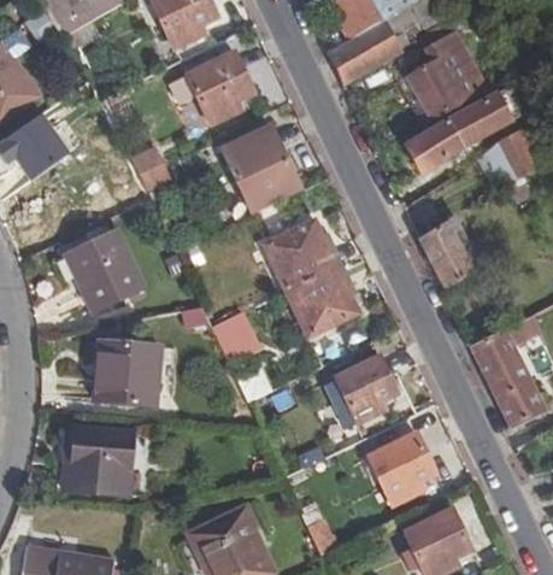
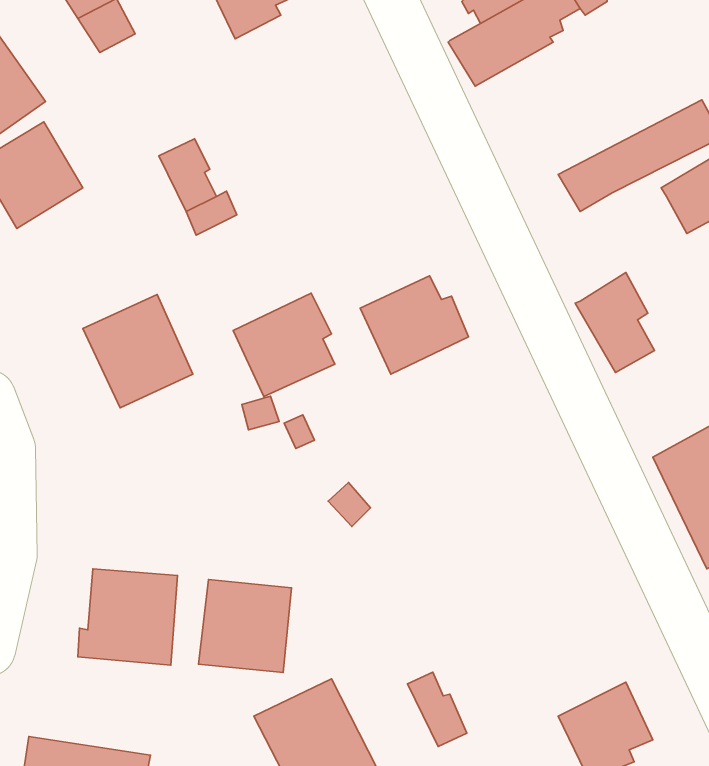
building: [396,31,486,127] -> none
building: [186,49,254,124] -> none
building: [223,127,290,200] -> none
building: [286,262,358,335] -> [233,293,335,396]
building: [94,340,160,406] -> [198,580,291,673]
building: [326,356,398,423] -> none
building: [367,433,436,505] -> none

